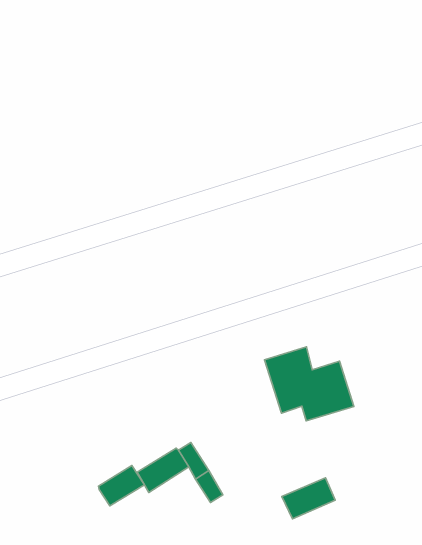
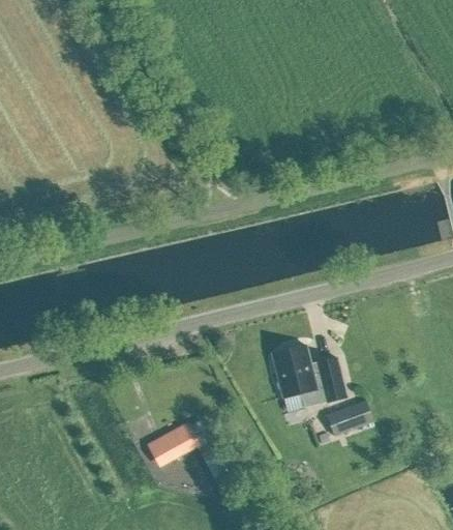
building: [98,466,144,506] -> none
building: [282,478,335,519] -> [326,401,373,436]

